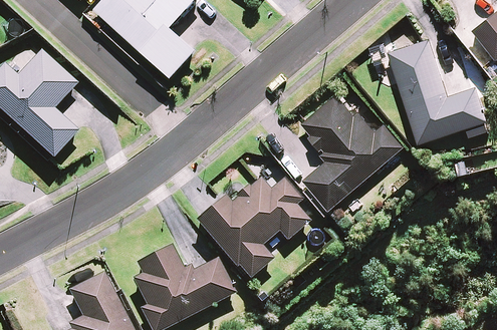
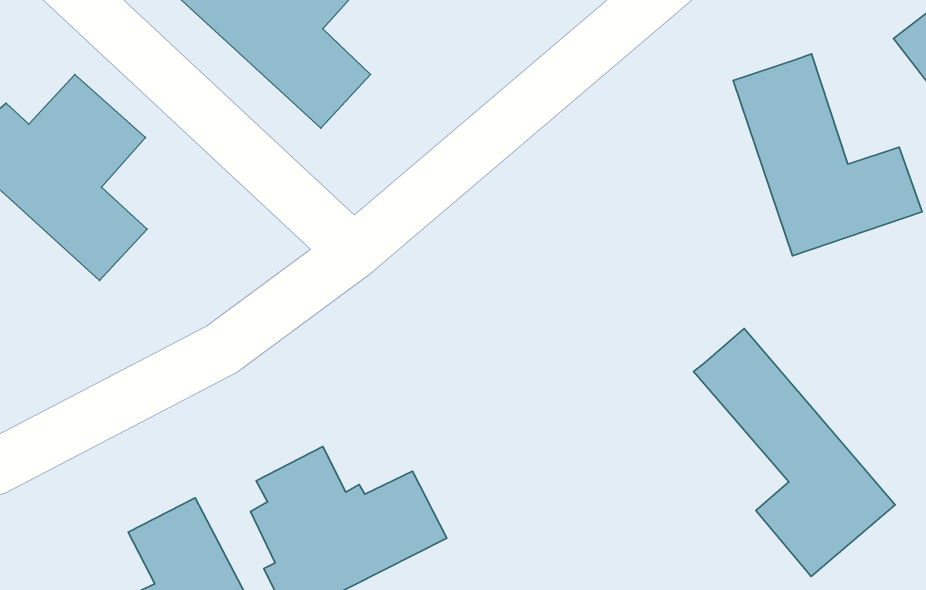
building: [301,94,404,209] -> none
building: [196,176,310,278] -> none
building: none -> [693,328,895,577]

